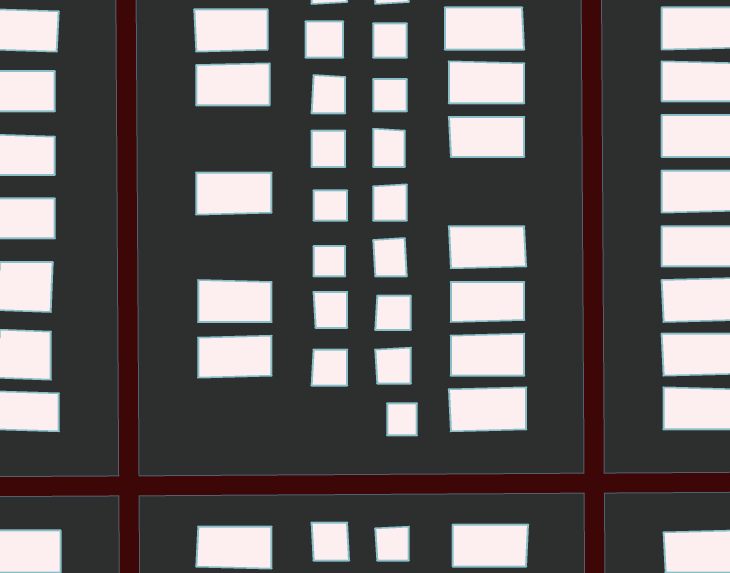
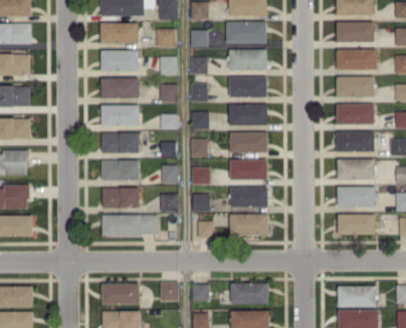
building: none -> [102,78,139,98]
building: none -> [228,104,268,125]
building: none -> [102,132,140,154]
building: none -> [103,215,158,236]

